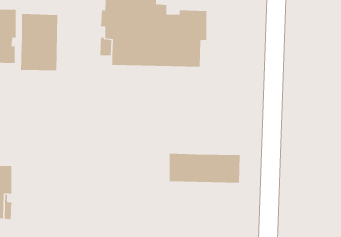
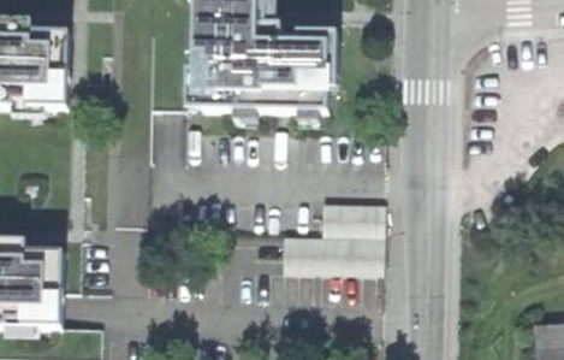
building: [20,13,58,71] -> none
building: none -> [322,199,384,232]

